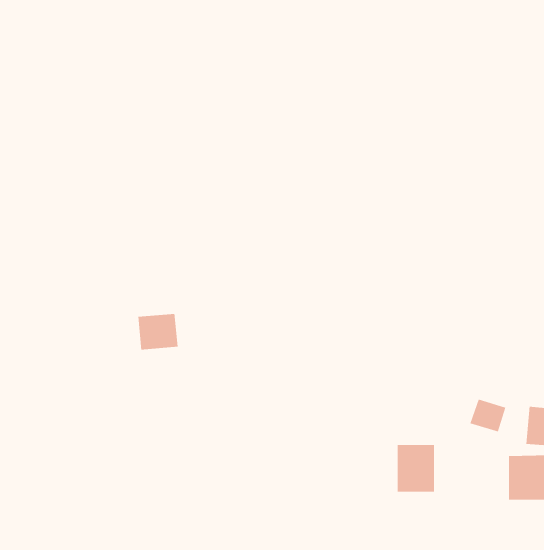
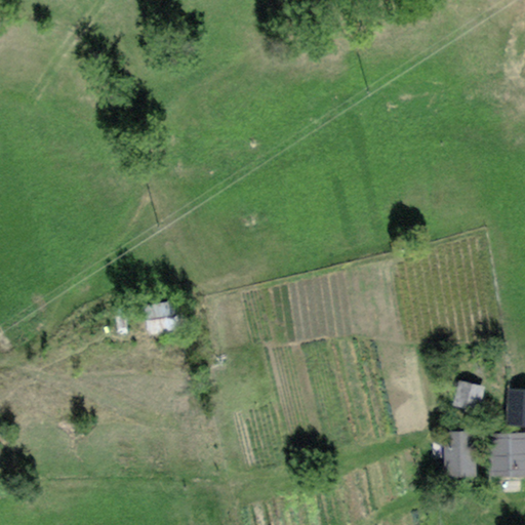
building: [397,445,435,492] -> [441,431,477,476]

